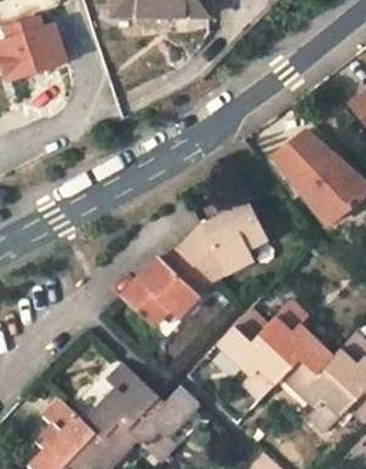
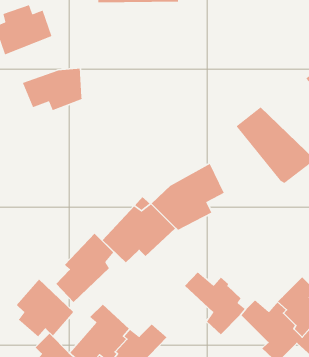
building: none -> [22,68,82,111]
building: none -> [56,233,114,303]
building: [233,302,331,372] -> none
building: none -> [16,279,74,338]

